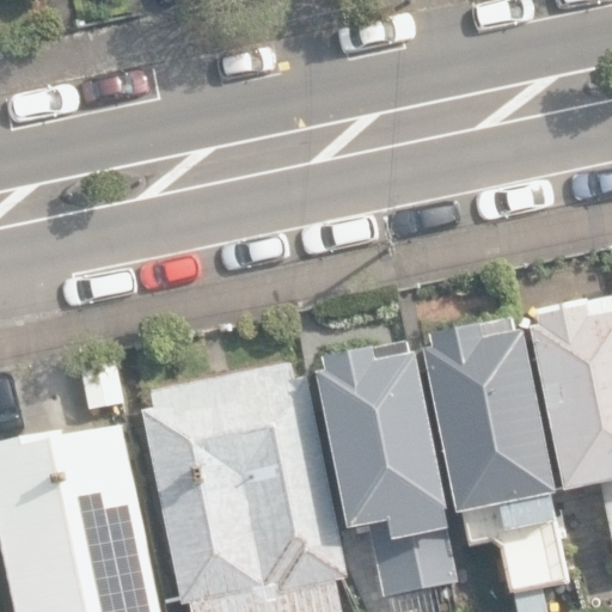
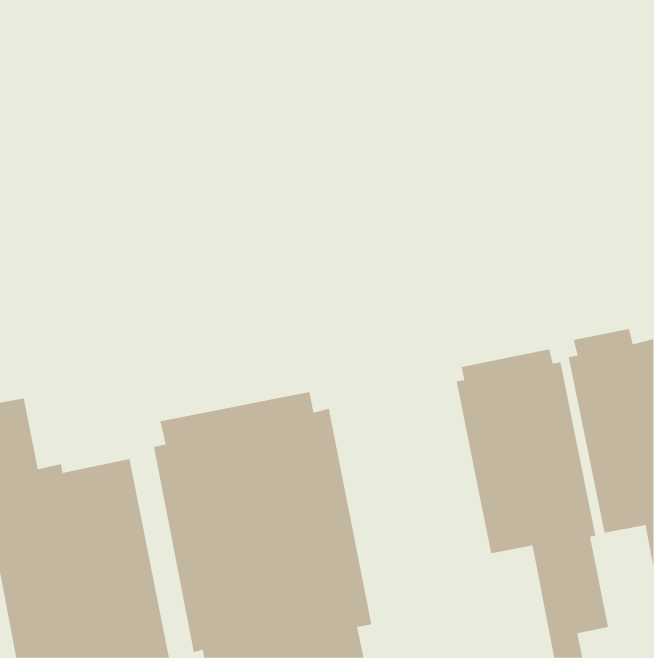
building: [317,344,455,598] -> none

